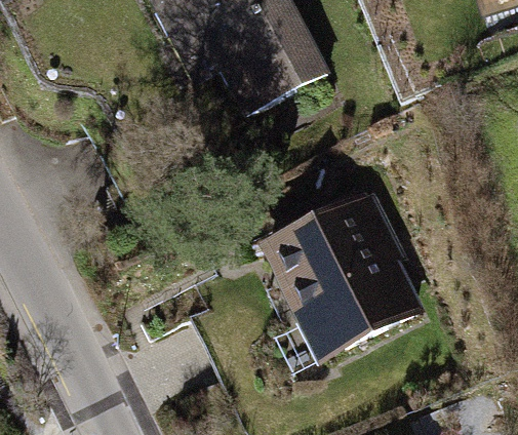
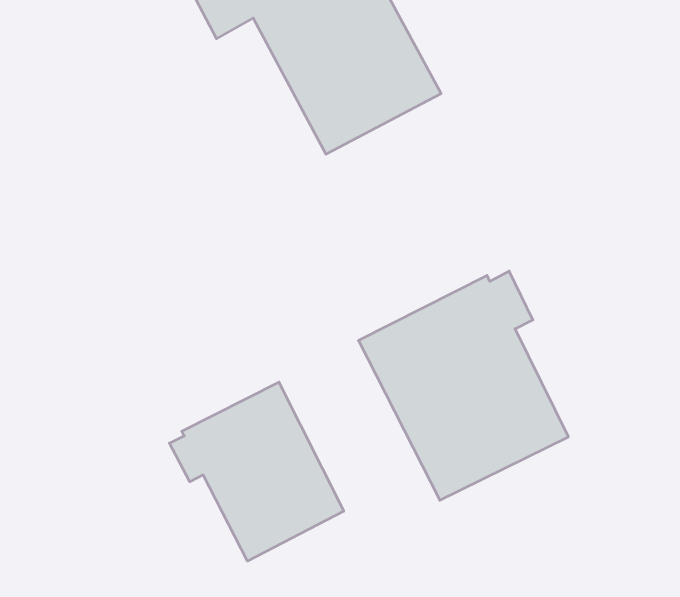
building: none -> [169,382,344,561]

